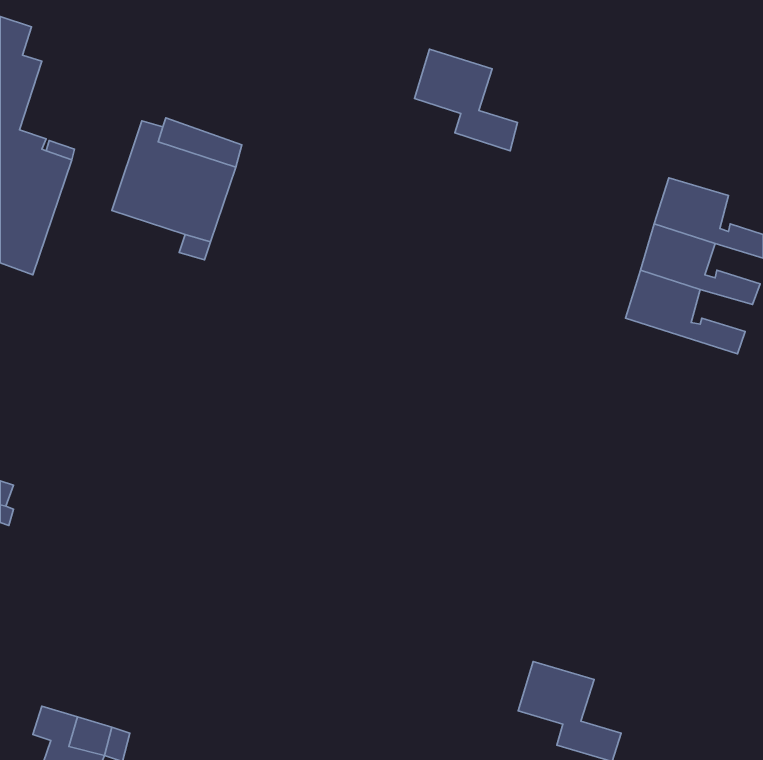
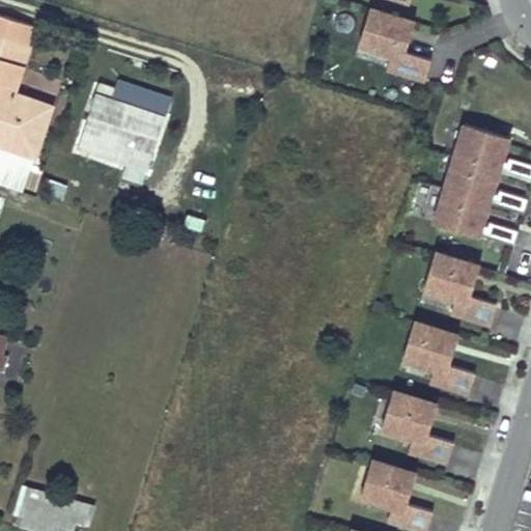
building: [415,49,518,151] -> [358,9,429,80]
building: none -> [423,254,495,324]
building: none -> [402,323,473,393]
building: none -> [382,392,452,463]

